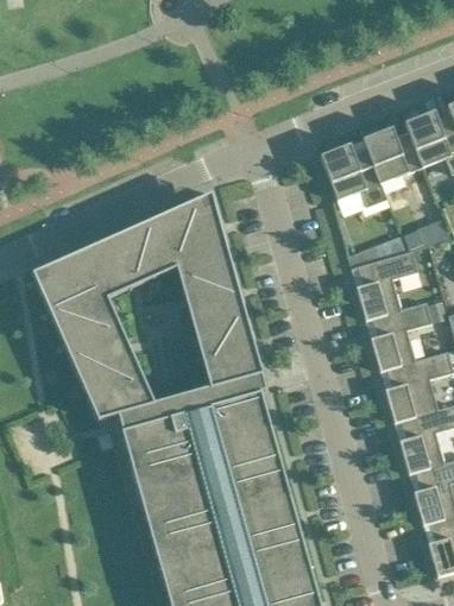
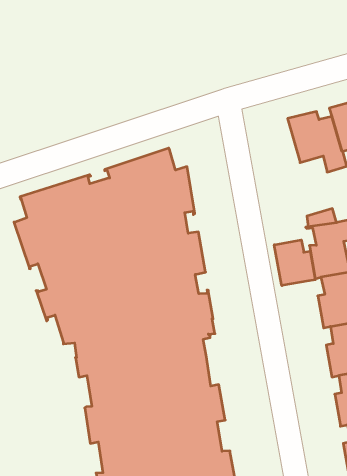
building: none -> [274,240,315,286]

